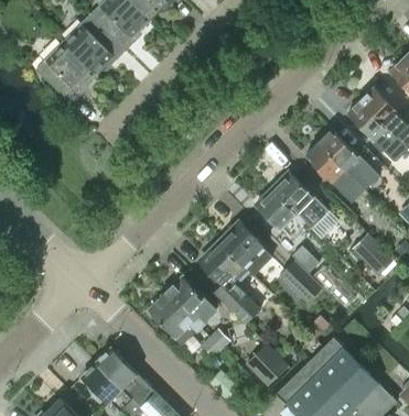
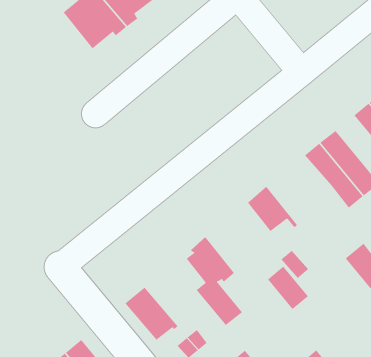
building: [35,43,95,106] -> none
building: [271,172,329,229] -> none
building: [218,225,267,275] -> none
building: [165,277,216,328] -> none

